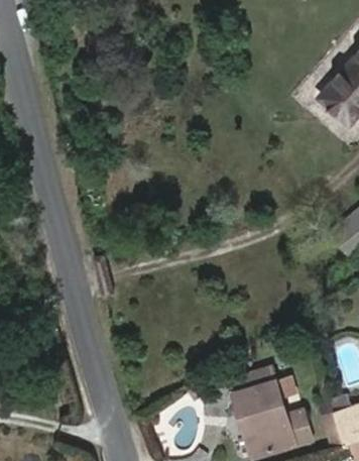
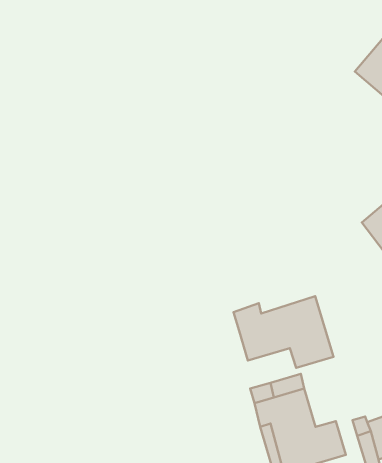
building: none -> [233,296,333,368]

